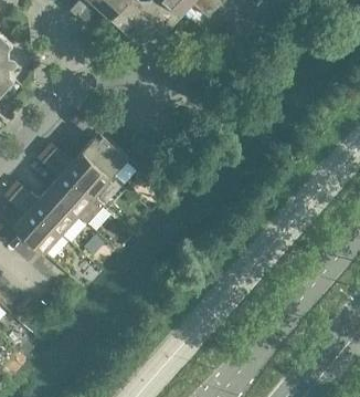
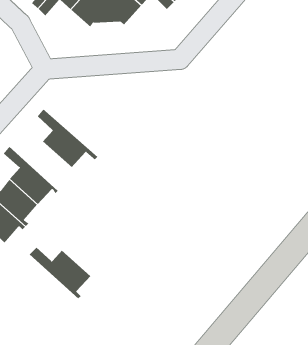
building: [47,148,110,201] -> [29,247,91,299]

